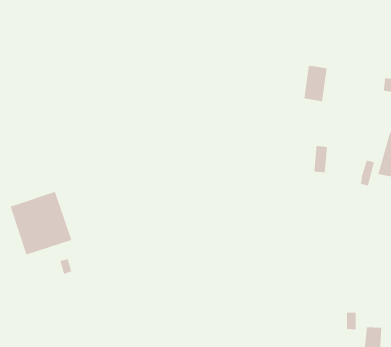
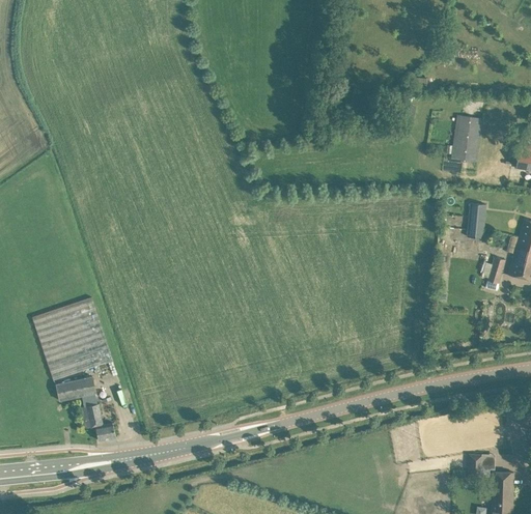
building: [303,66,328,102] -> [451,116,482,163]
building: [313,145,328,173] -> [467,203,485,238]
building: none -> [56,377,115,440]

